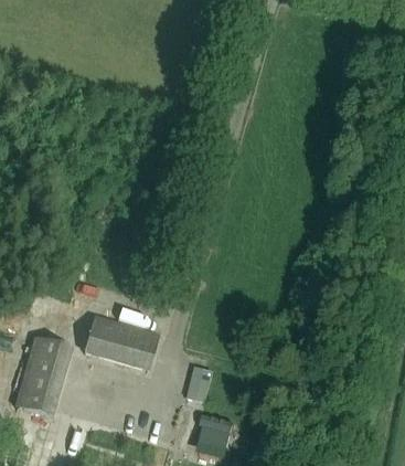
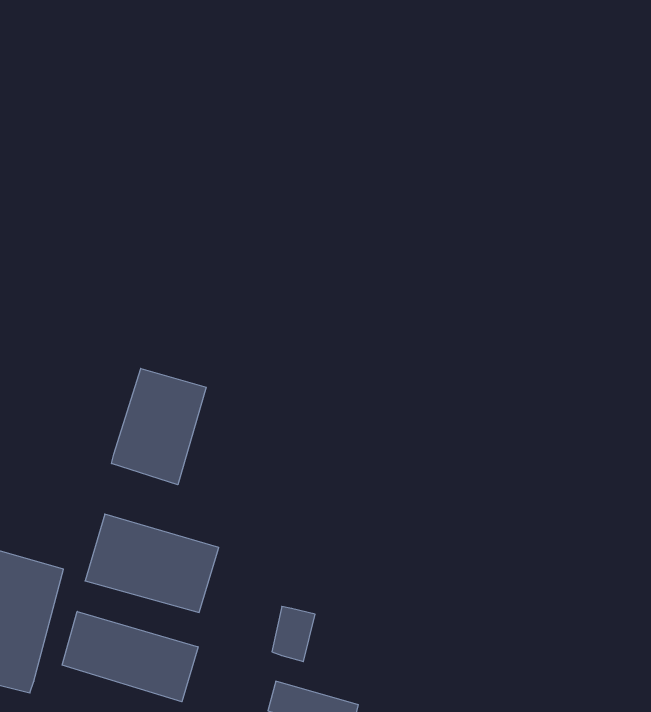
building: none -> [112,368,206,485]
building: none -> [62,611,198,702]

